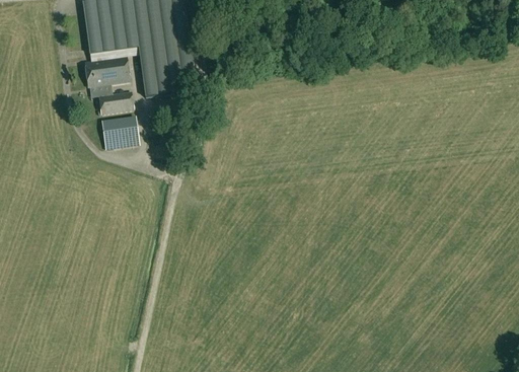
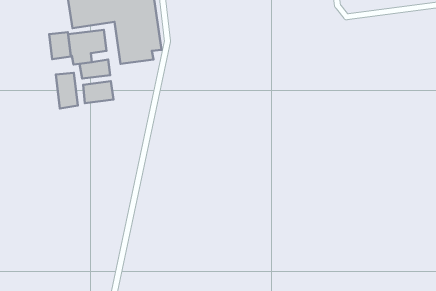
building: none -> [49,32,71,59]
building: none -> [56,73,78,108]

